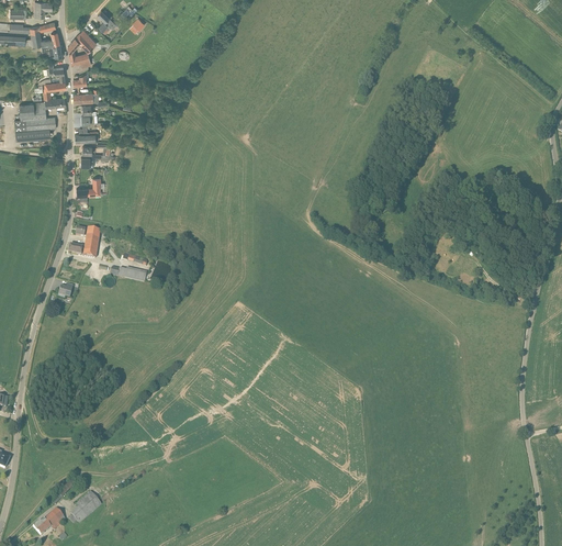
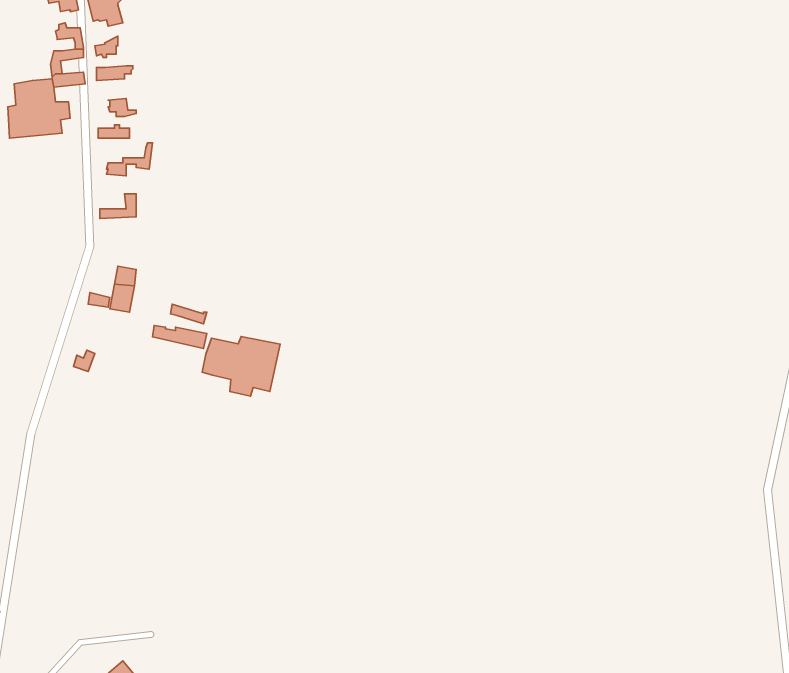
building: none -> [202,337,280,396]

